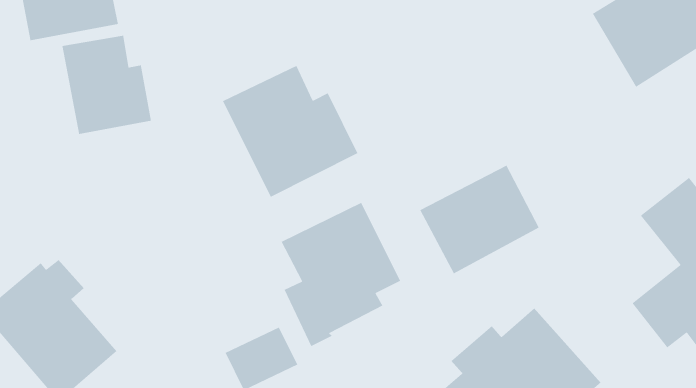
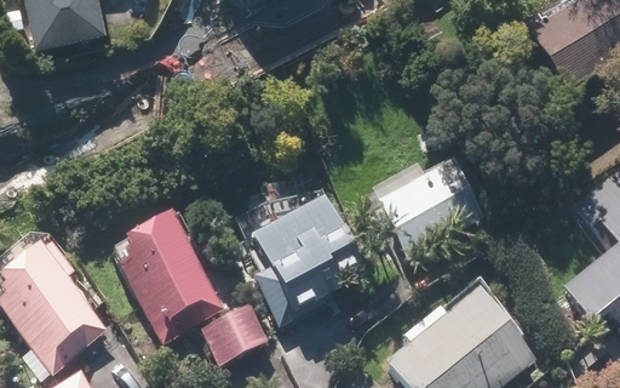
building: [61,35,152,135] -> none
building: [222,65,358,198] -> none
building: none -> [114,213,225,338]

